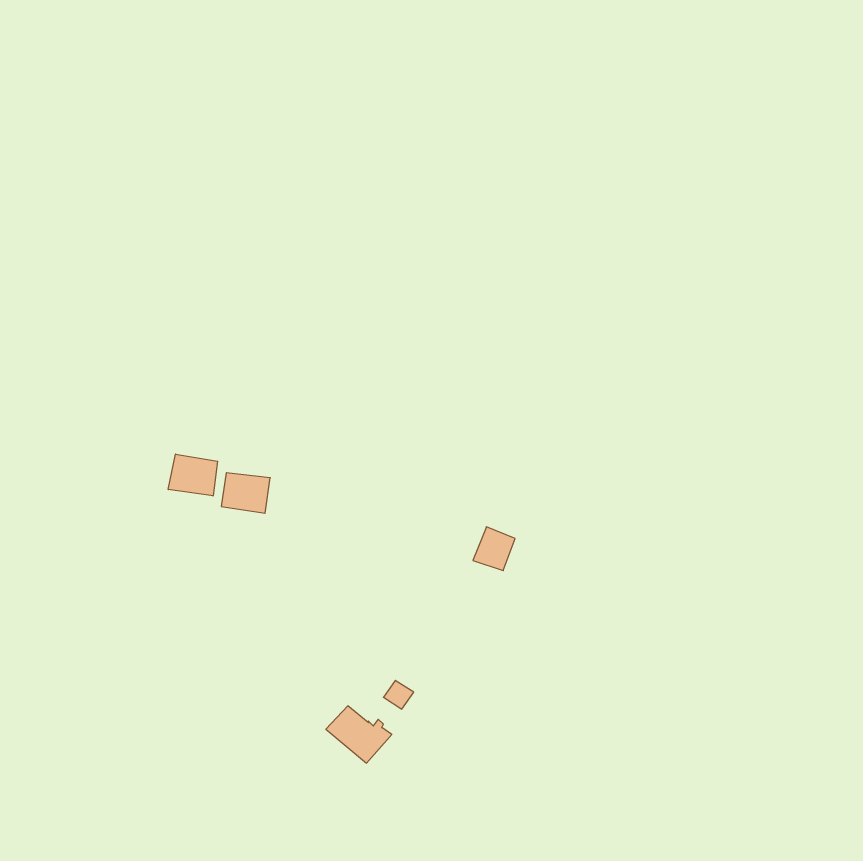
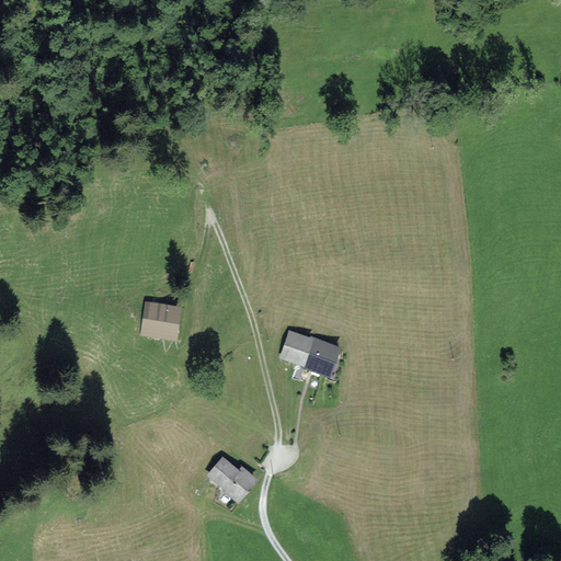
building: [168,454,218,496] -> none
building: none -> [283,333,310,364]

